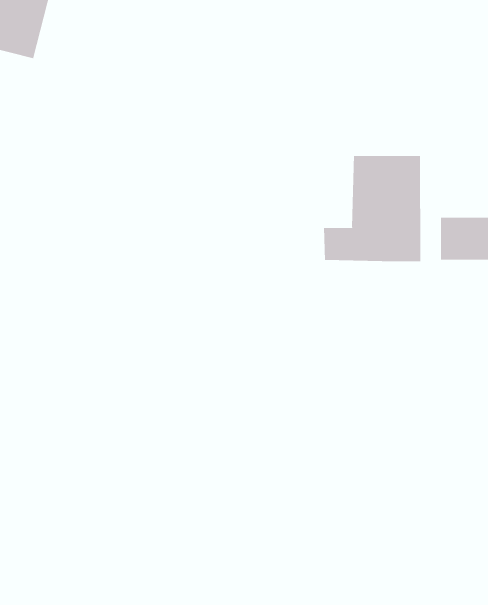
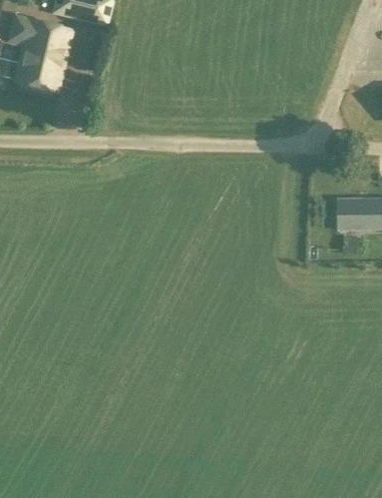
building: [324,155,421,262] -> none

